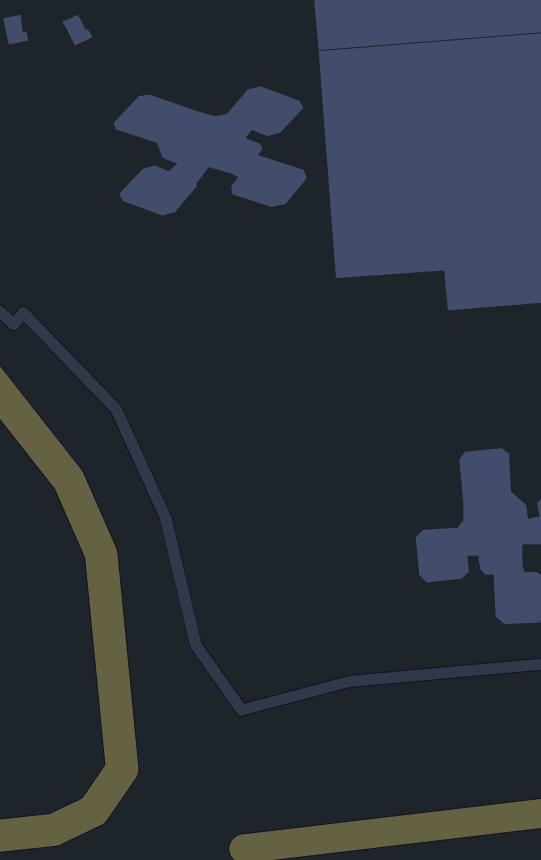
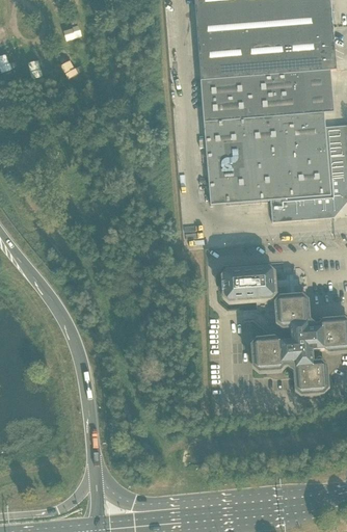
building: [113,86,307,216] -> none
building: none -> [223,267,274,299]

